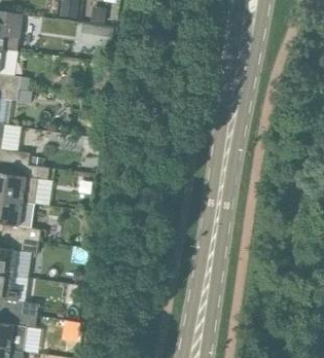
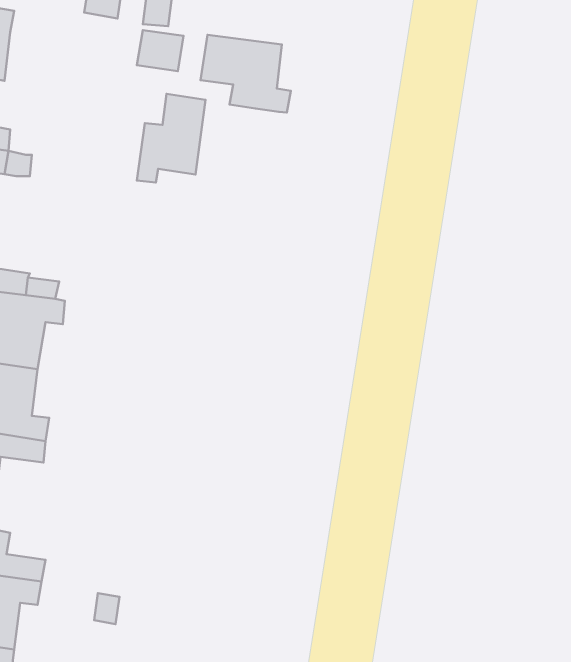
building: none -> [200,35,291,112]
building: none -> [137,94,205,183]

